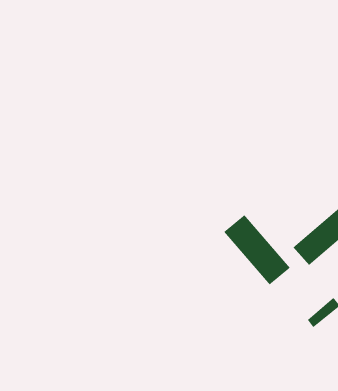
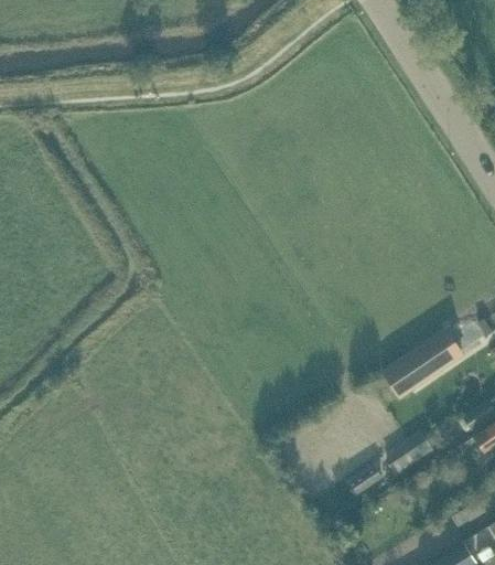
building: [223,214,291,285] -> none

